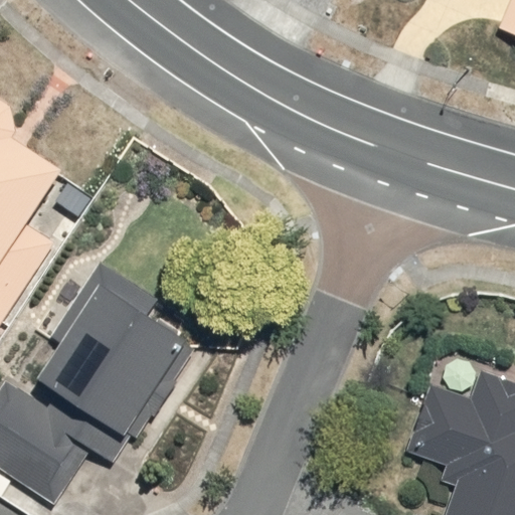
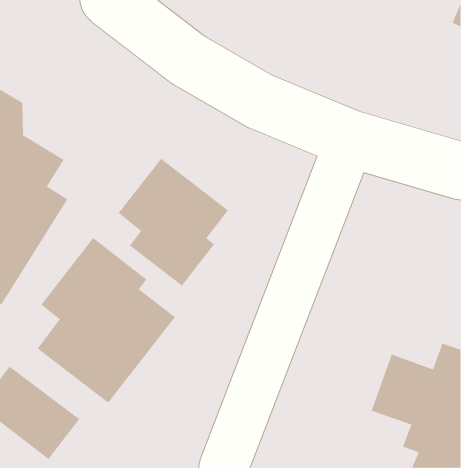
building: none -> [118,158,229,287]

